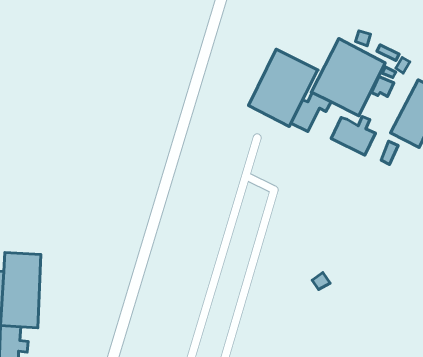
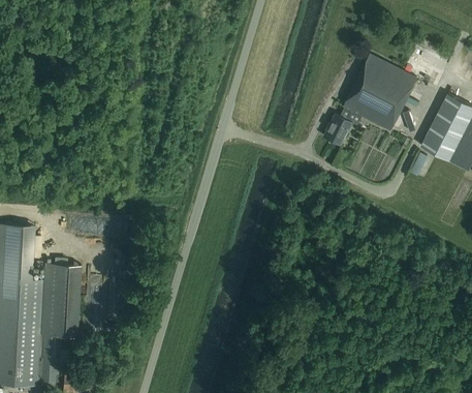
building: [249,49,318,126] -> none
building: [331,116,375,155] -> none

